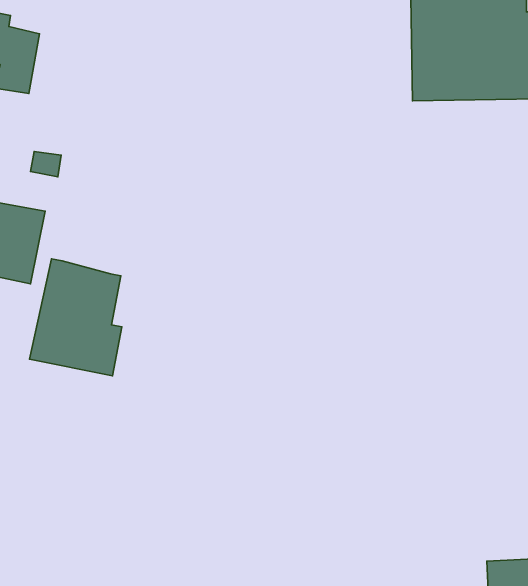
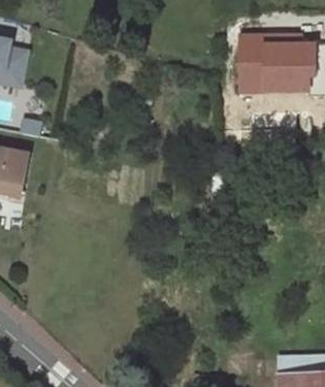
building: [29,259,122,376] -> none

